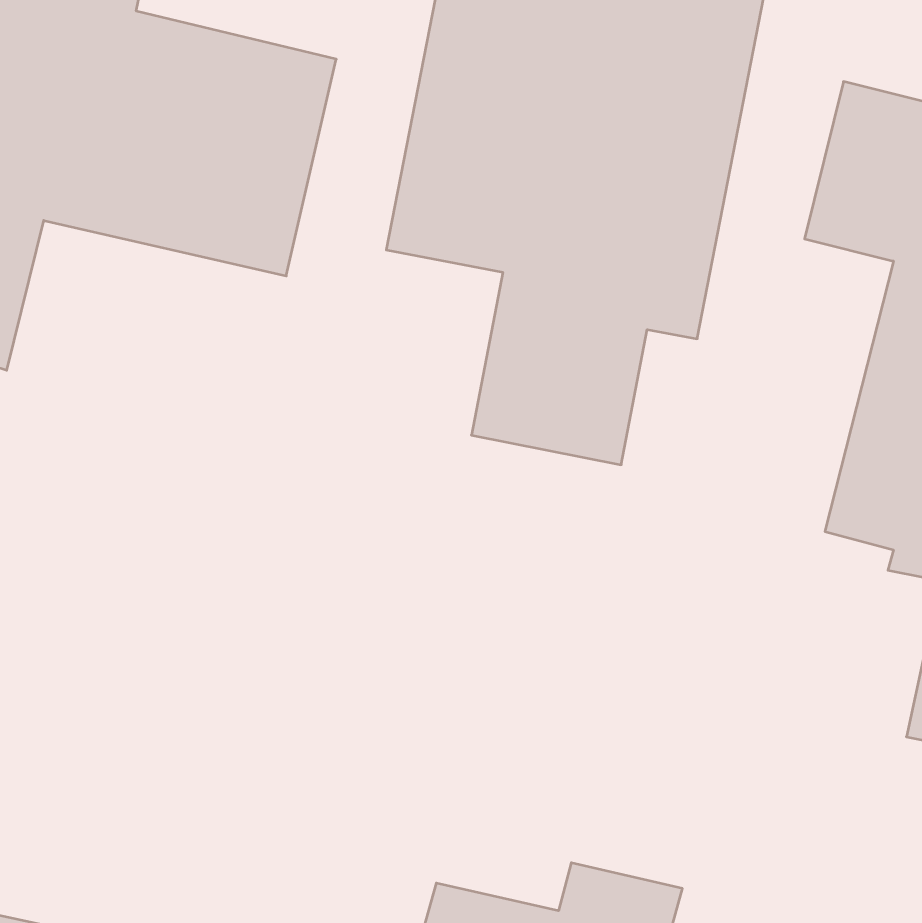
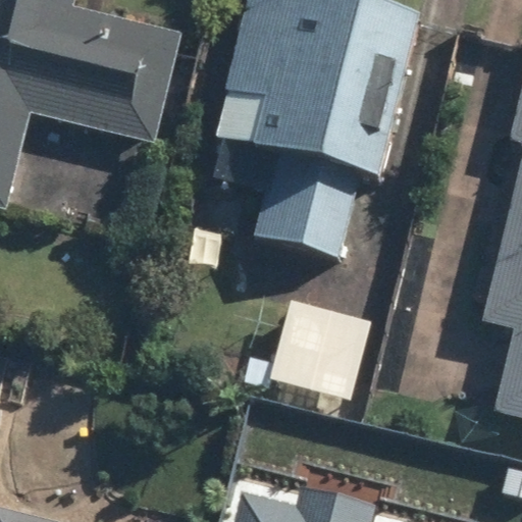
building: none -> [265,294,372,411]

